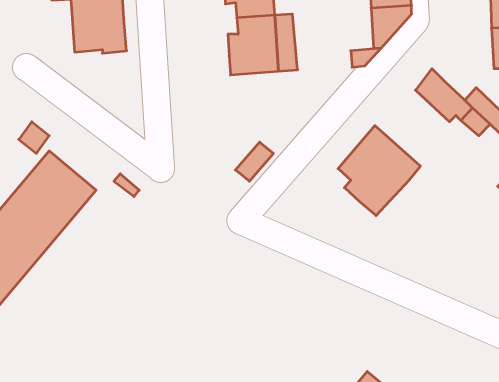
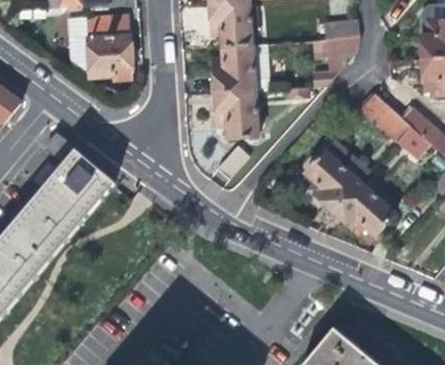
building: none -> [216,92,259,140]
building: none -> [333,180,394,233]

